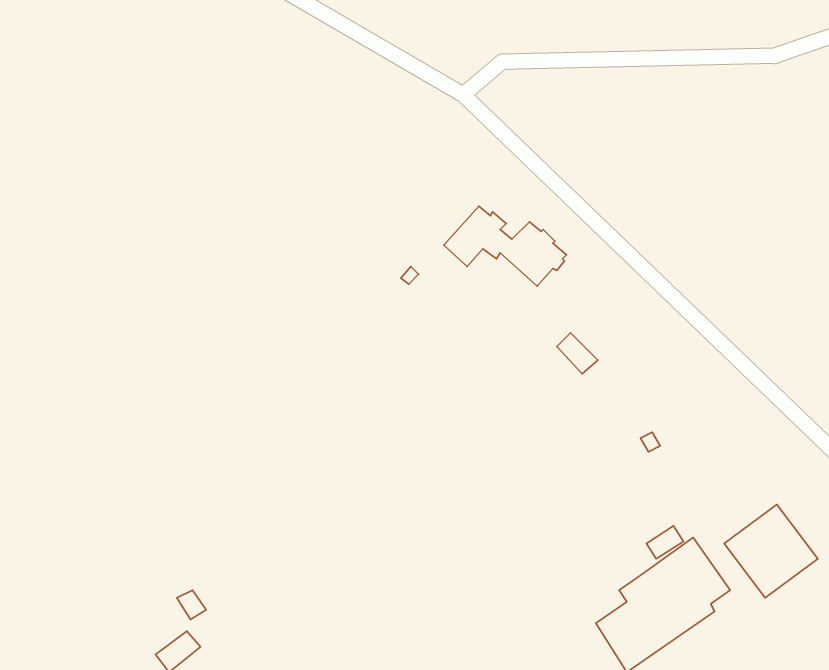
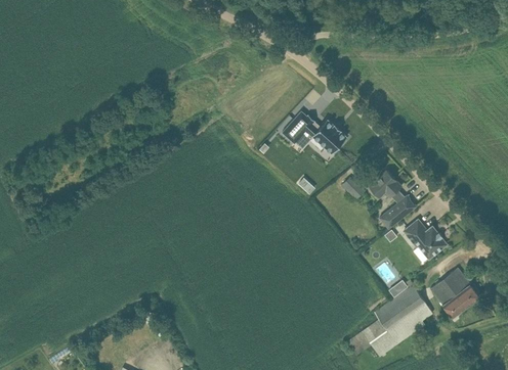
building: none -> [368,171,415,228]
building: none -> [403,219,446,259]

